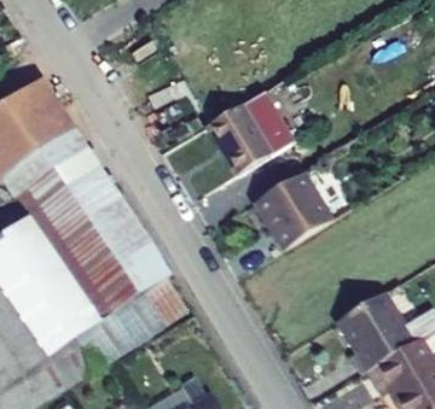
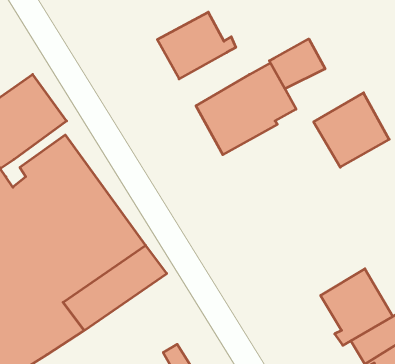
building: none -> [157,12,236,79]
building: none -> [269,39,325,89]
building: [255,173,334,250] -> [314,93,389,167]

